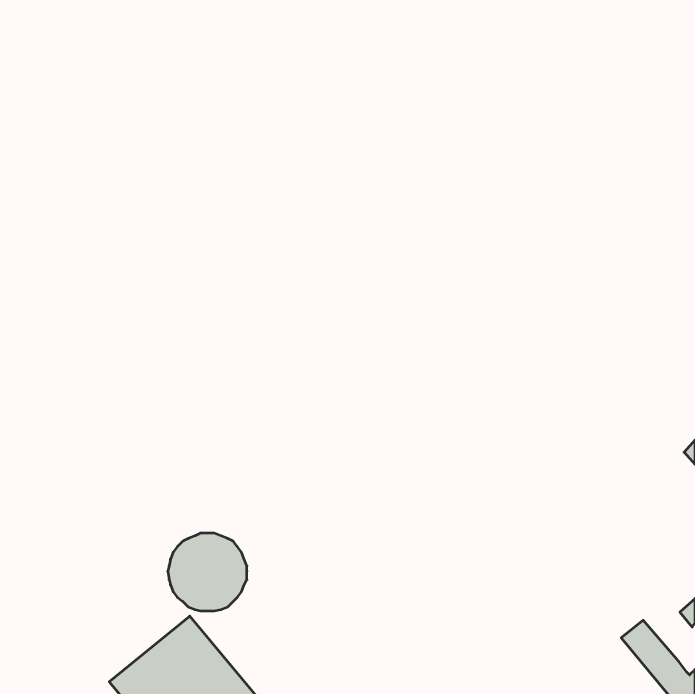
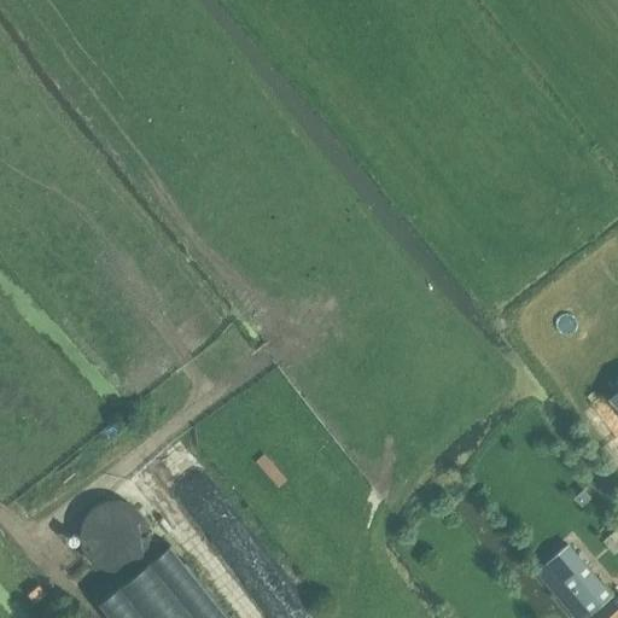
building: [168,533,247,611] -> [77,505,147,573]

